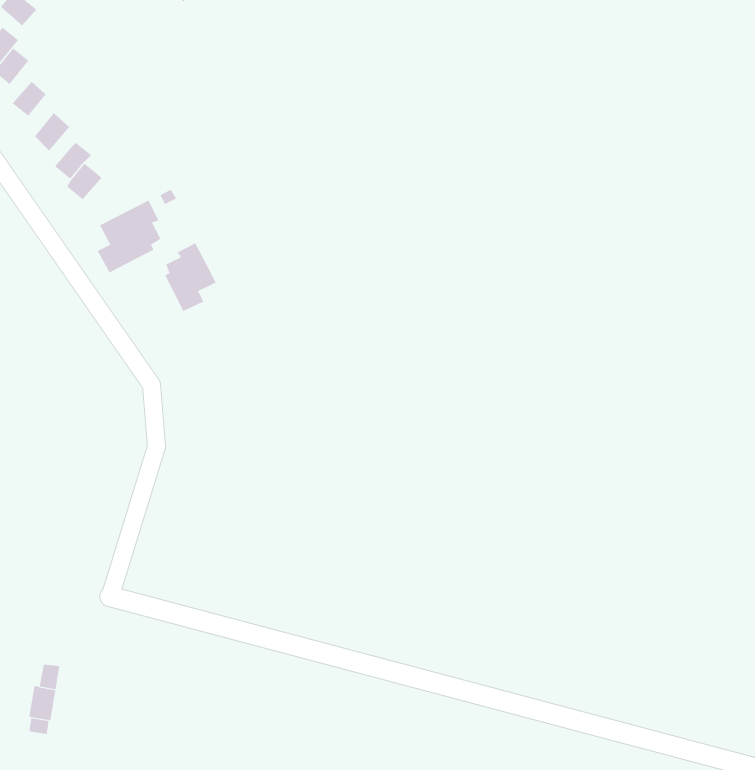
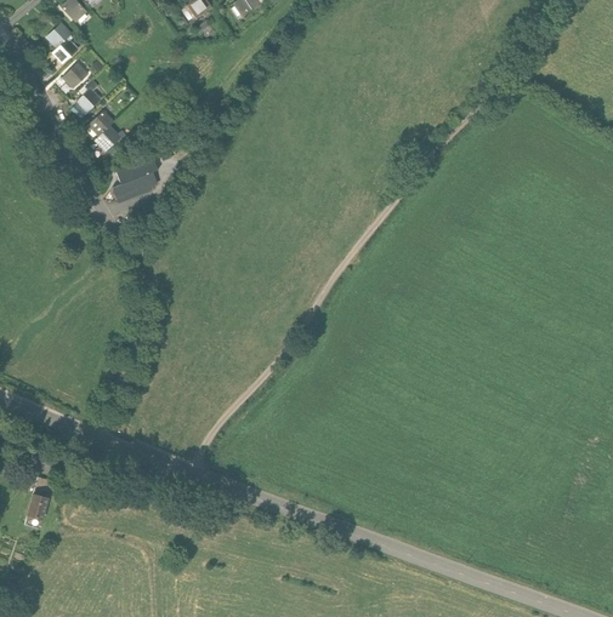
building: [165,242,217,312] -> none

